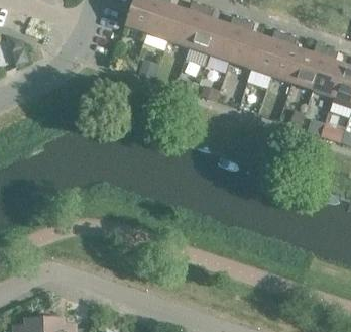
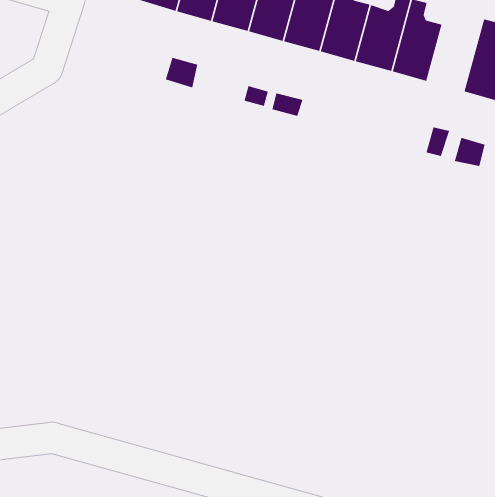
building: [291,44,327,90] -> none

